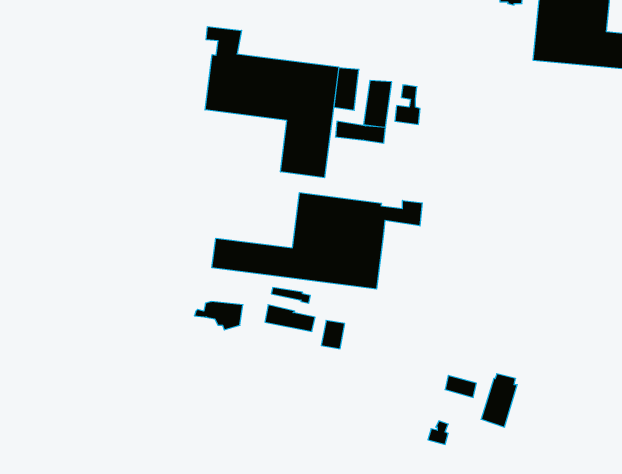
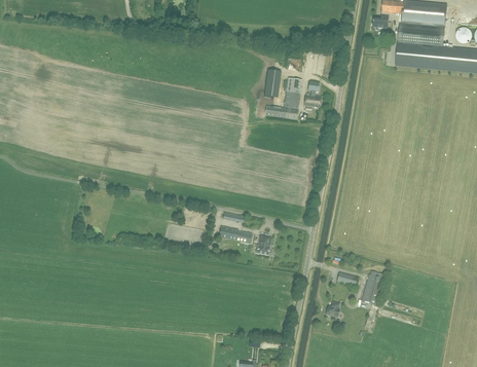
building: [205,27,339,178] -> none
building: [212,193,422,289] -> none

